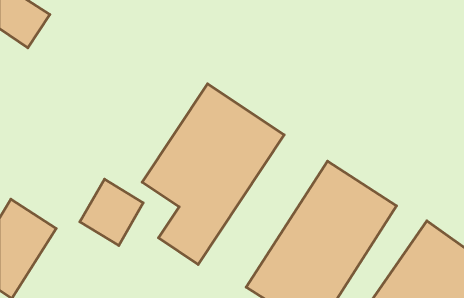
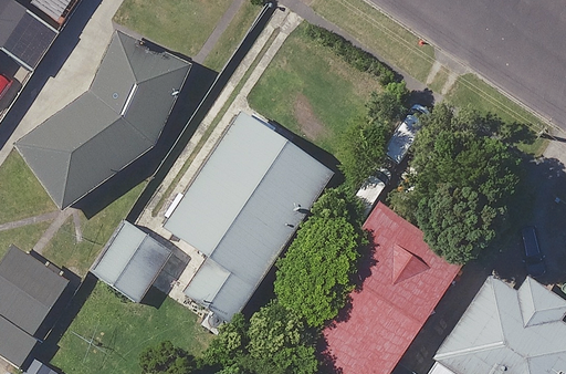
building: none -> [18,35,190,207]

